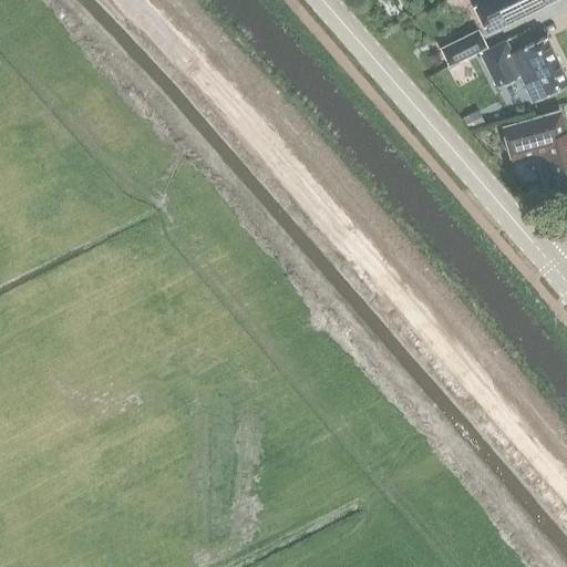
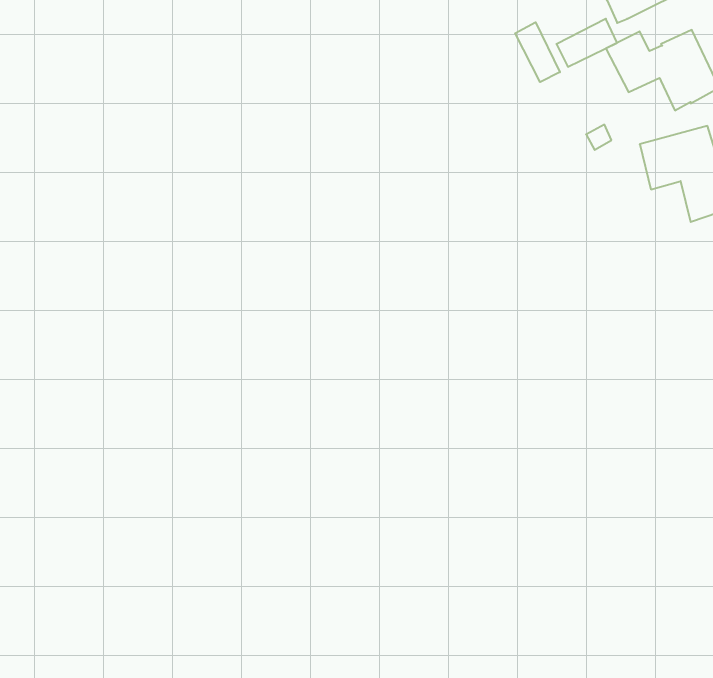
building: none -> [515,22,560,82]

